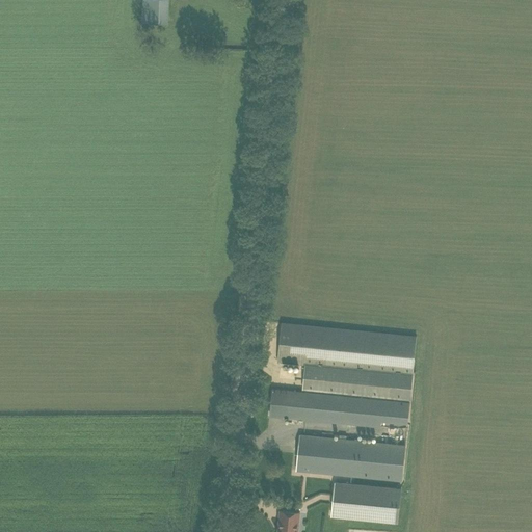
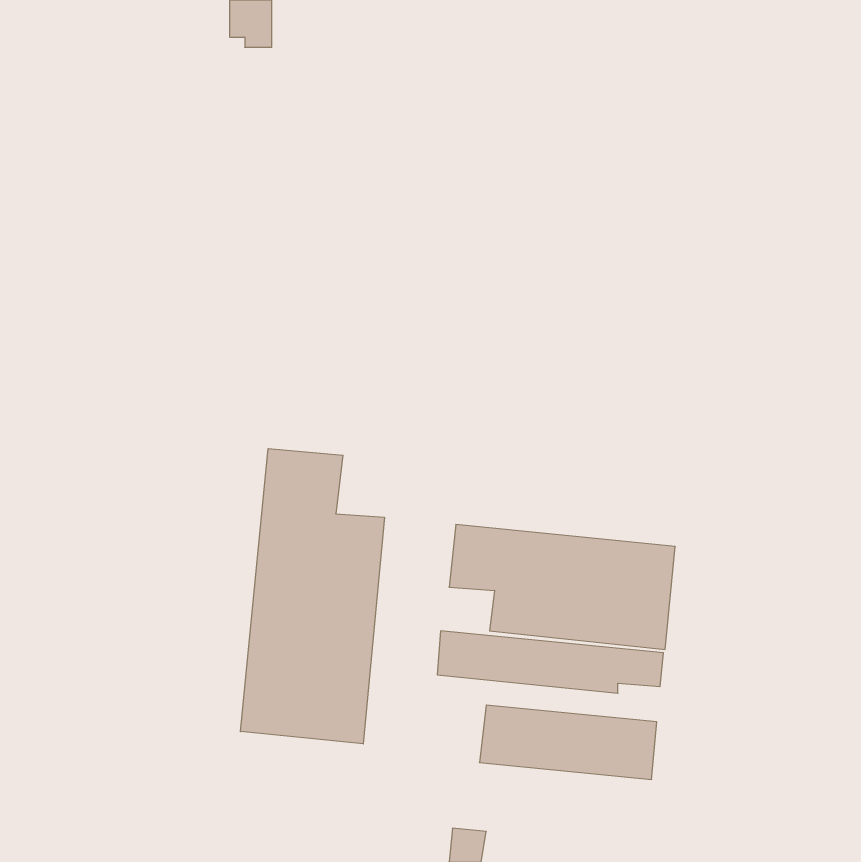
building: none -> [240,449,384,744]
building: [331,482,400,523] -> none

